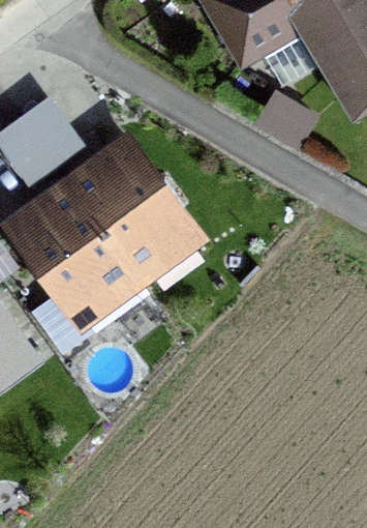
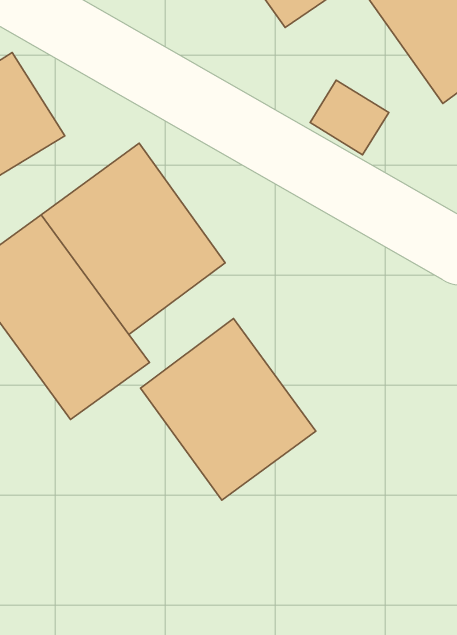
building: none -> [141,319,316,500]

